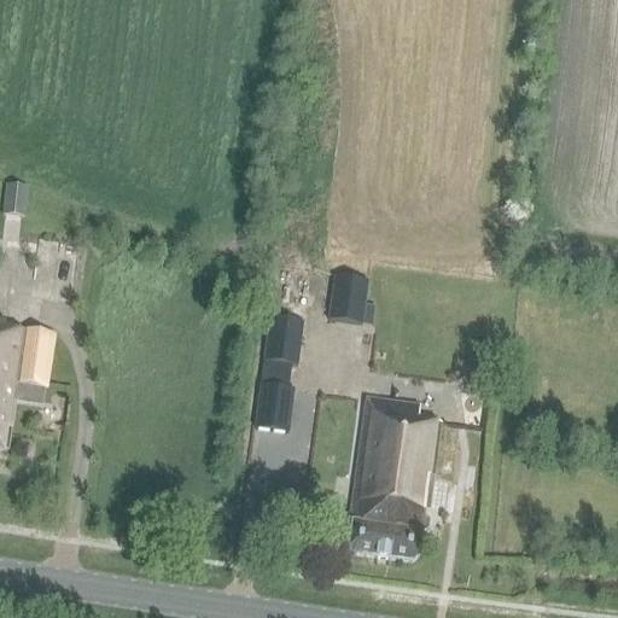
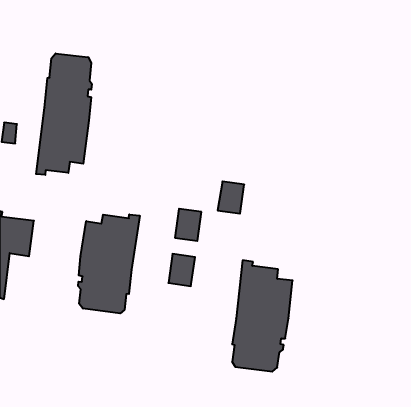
building: none -> [36,53,92,175]
building: none -> [78,214,140,313]

